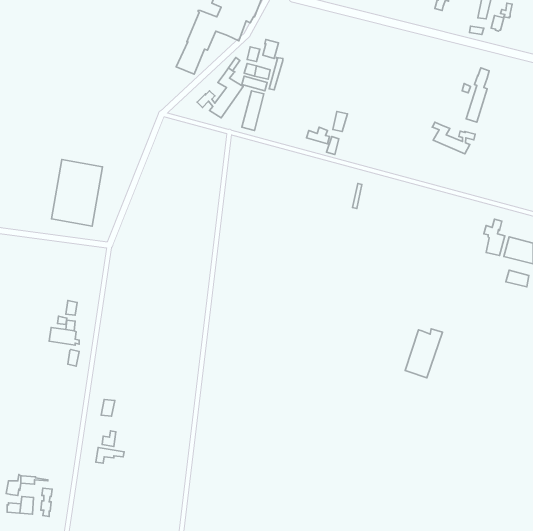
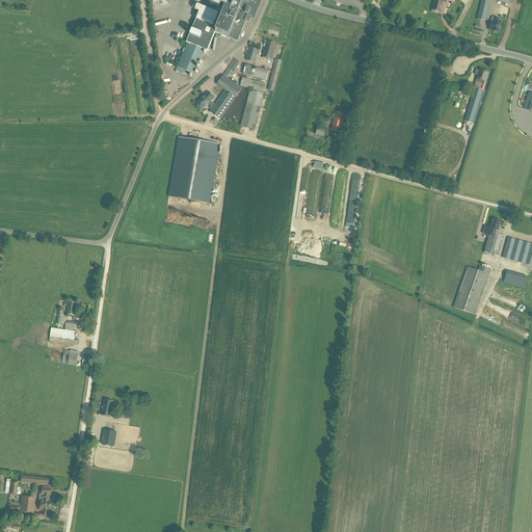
building: [432,122,475,154] -> none
building: [51,159,103,226] -> [168,135,219,202]
building: [405,329,443,378] -> [453,265,490,314]

